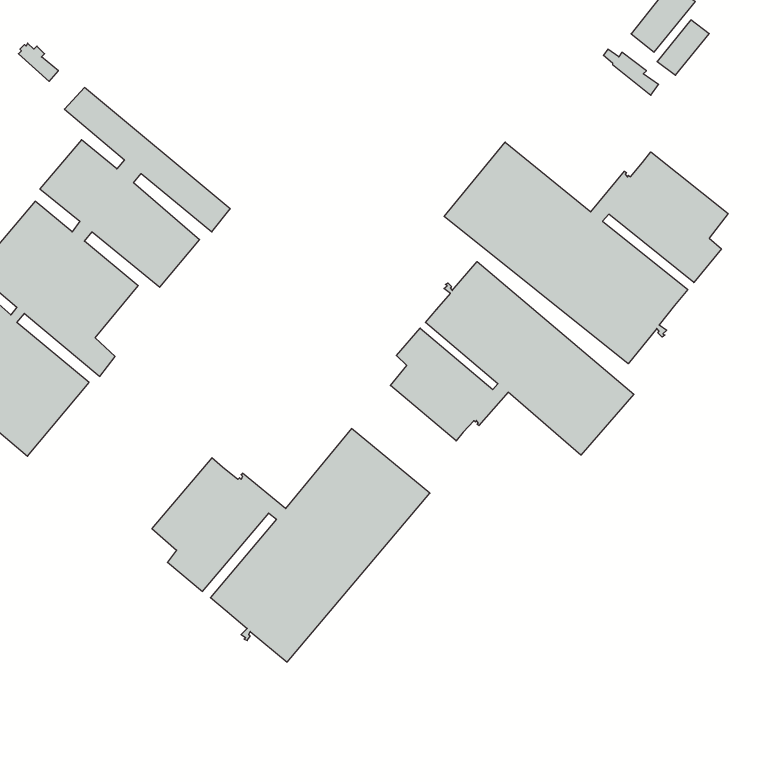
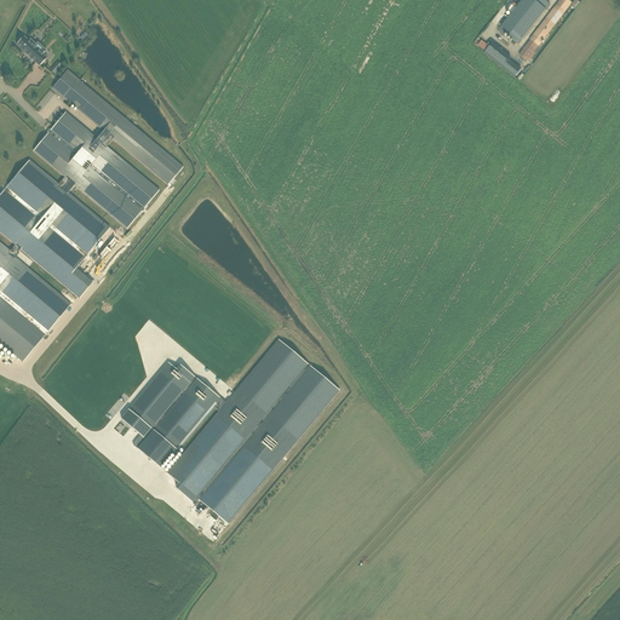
building: [444,142,728,364] -> none
building: [390,262,634,455] -> none

